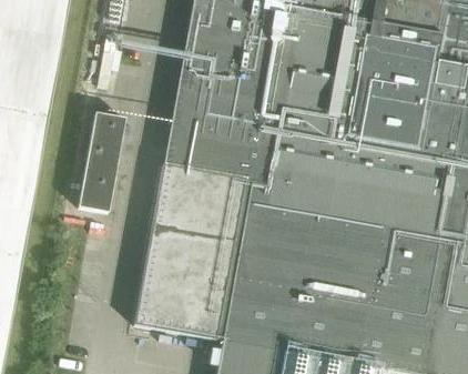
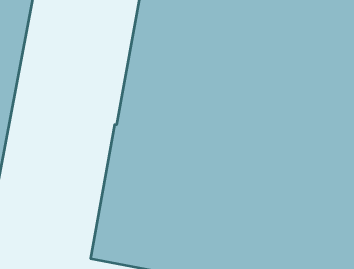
building: [78,112,125,212] -> none

